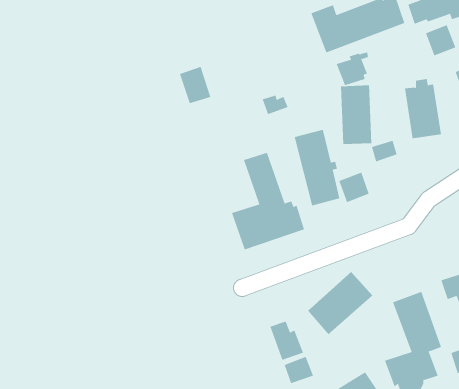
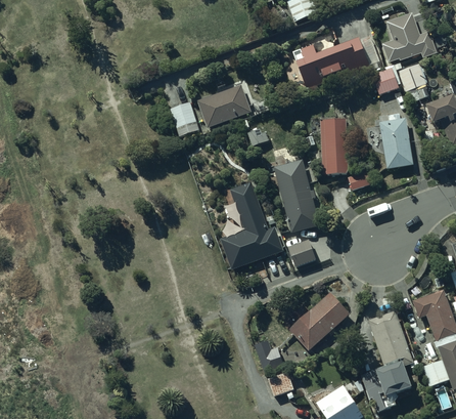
building: none -> [196,83,252,128]
building: [336,52,369,86] -> [371,61,402,93]
building: [339,172,370,203] -> [287,238,316,266]

